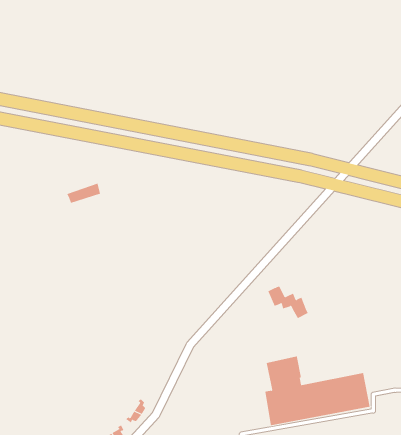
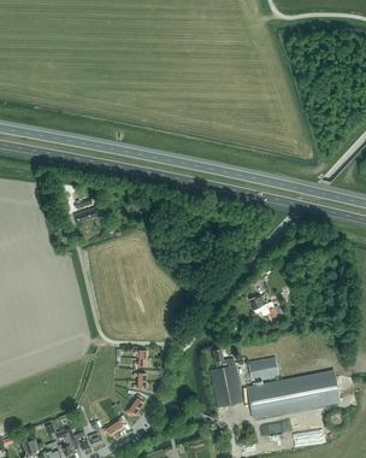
building: none -> [209,348,242,407]

